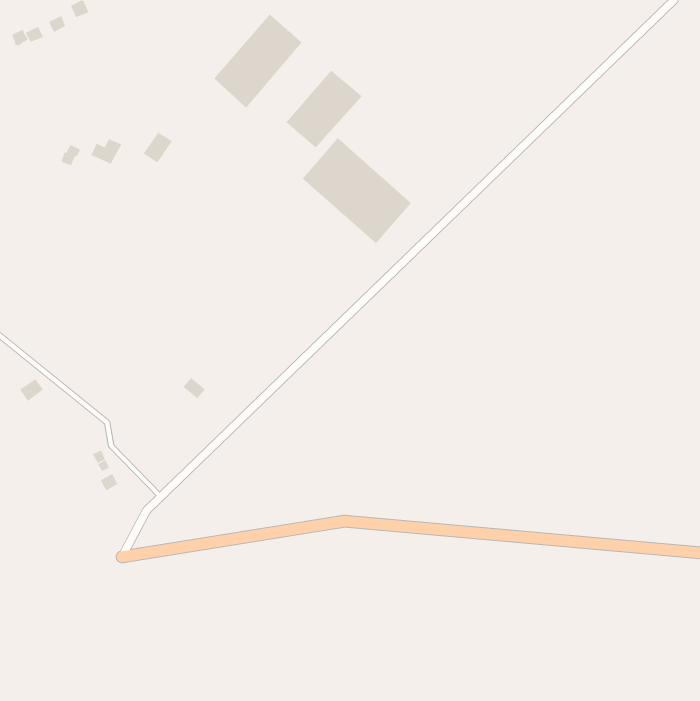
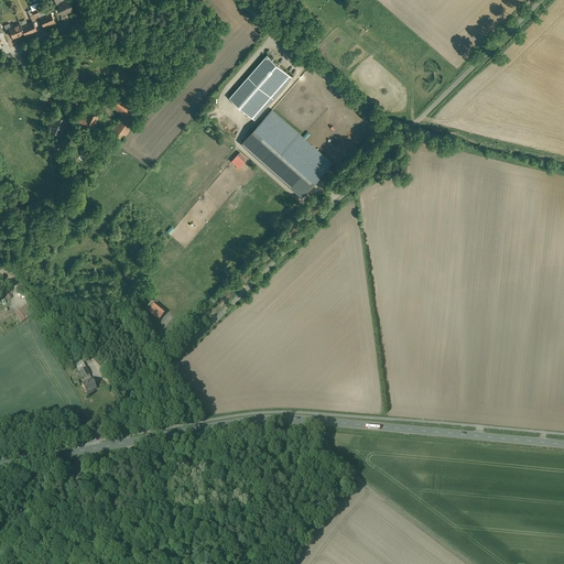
building: [213,14,302,108] -> none

